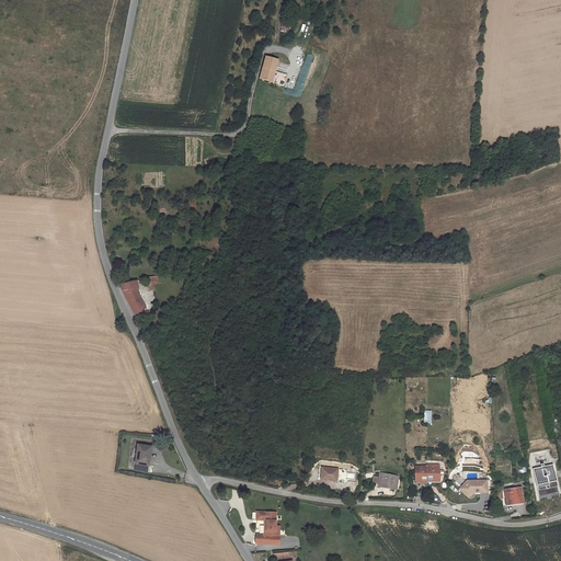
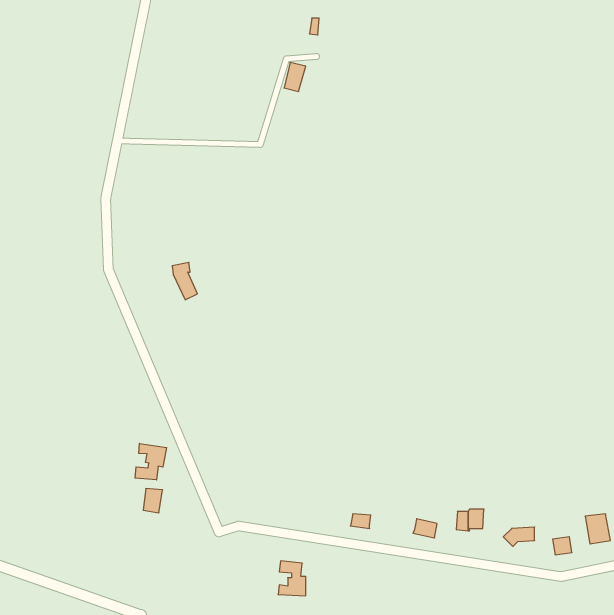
building: [124,277,147,311] -> [172,262,197,300]
building: none -> [135,443,167,480]

